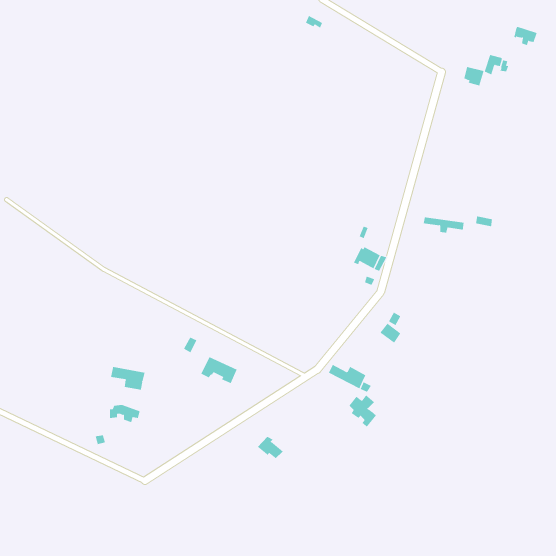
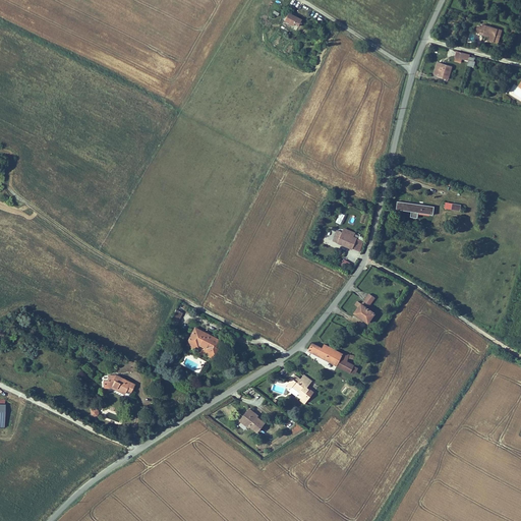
building: [111,366,145,390] -> none
building: [349,395,377,427] -> [287,371,313,402]

